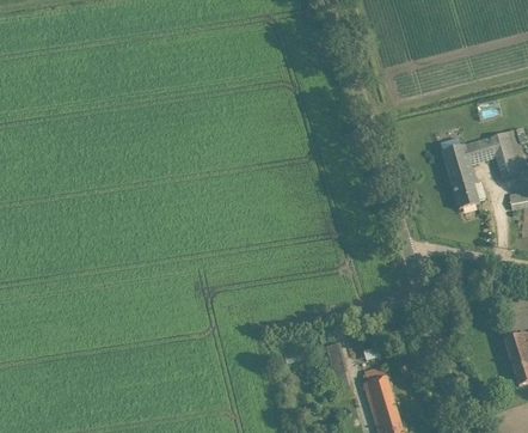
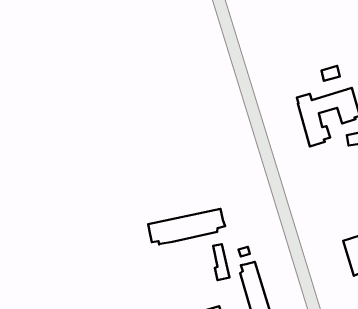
building: none -> [148,209,225,244]

